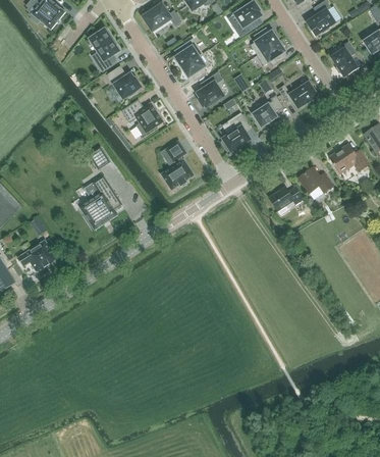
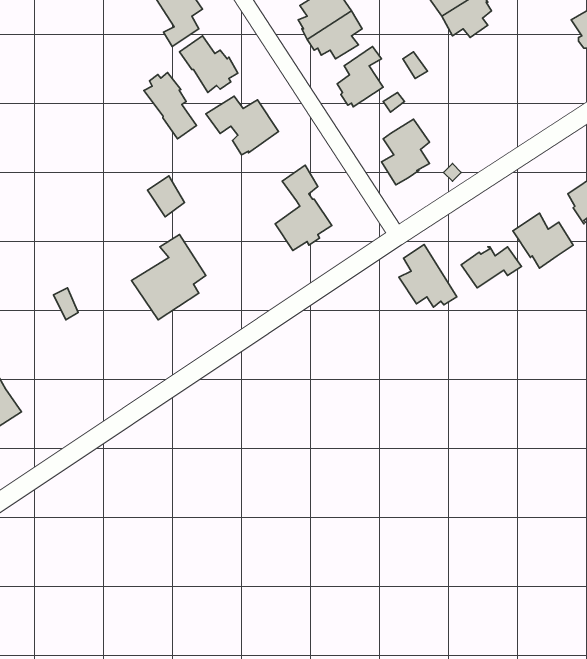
building: [277,82,316,107] -> none
building: none -> [144,73,196,139]
building: [251,95,283,128] -> none
building: none -> [399,244,457,307]
building: [17,240,56,271] -> none

